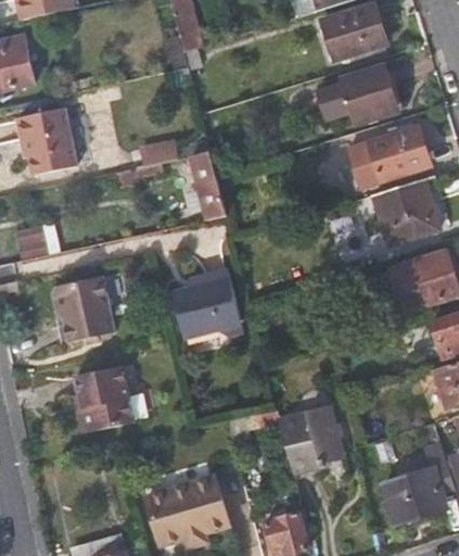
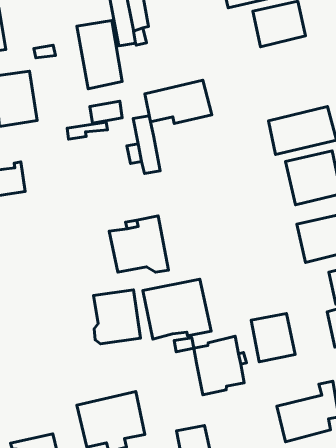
building: none -> [77,21,122,89]
building: [316,66,396,119] -> [145,80,212,123]
building: [52,280,116,346] -> none
building: none -> [143,279,211,339]
building: [69,366,128,432] -> [93,290,140,344]
building: none -> [251,313,295,362]

